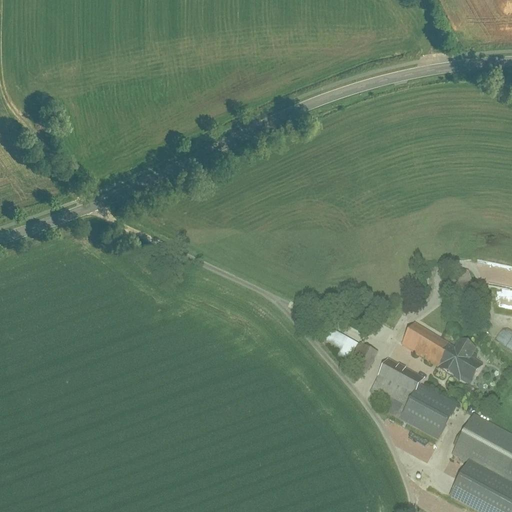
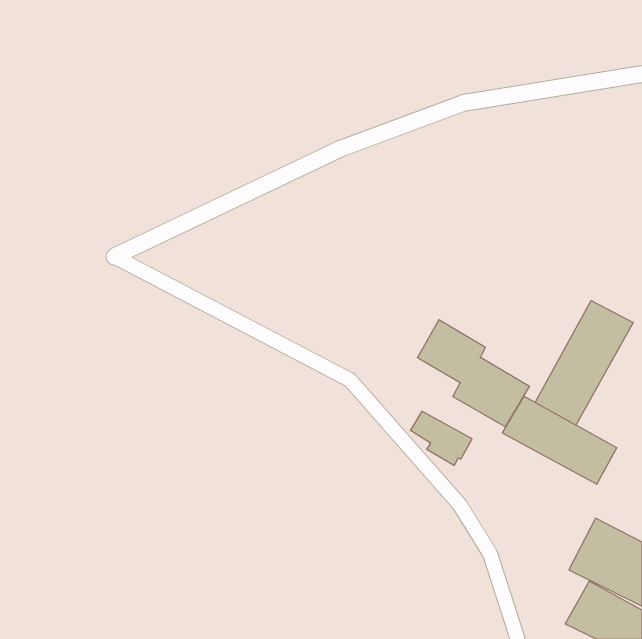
building: none -> [535,301,633,425]
building: [371,359,460,444] -> [417,320,529,427]

